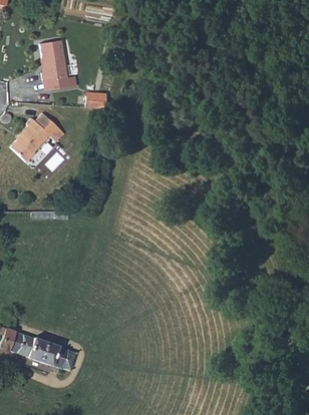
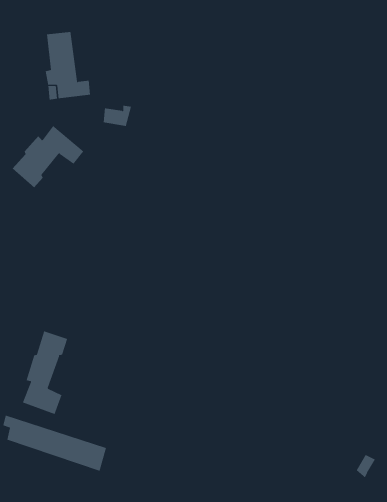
building: none -> [22,331,68,415]

